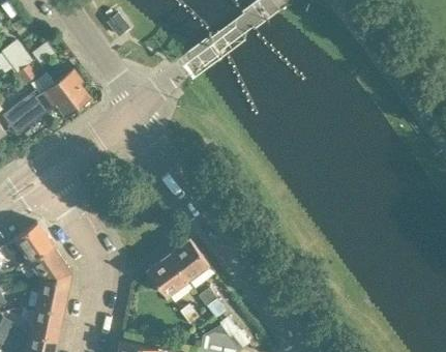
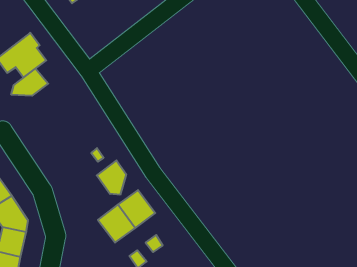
building: none -> [11,68,48,96]
building: none -> [97,160,126,195]

